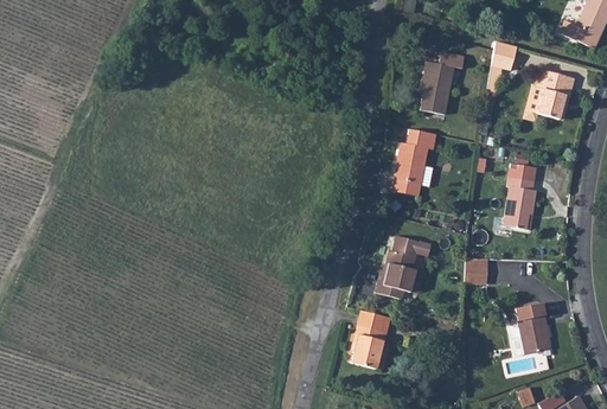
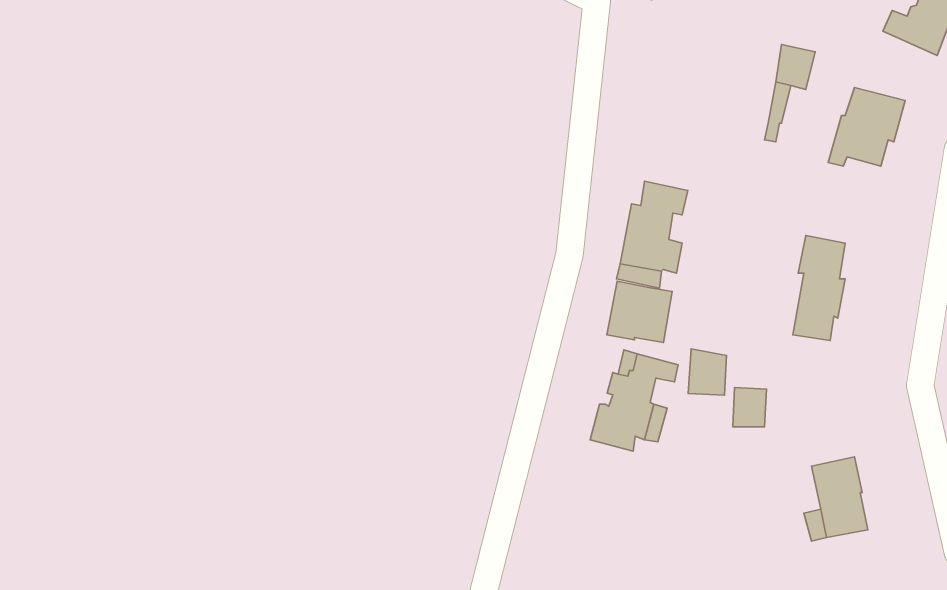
building: [421,51,464,114] -> none
building: none -> [607,281,672,343]
building: none -> [688,349,726,395]
building: [351,309,390,369] -> none

